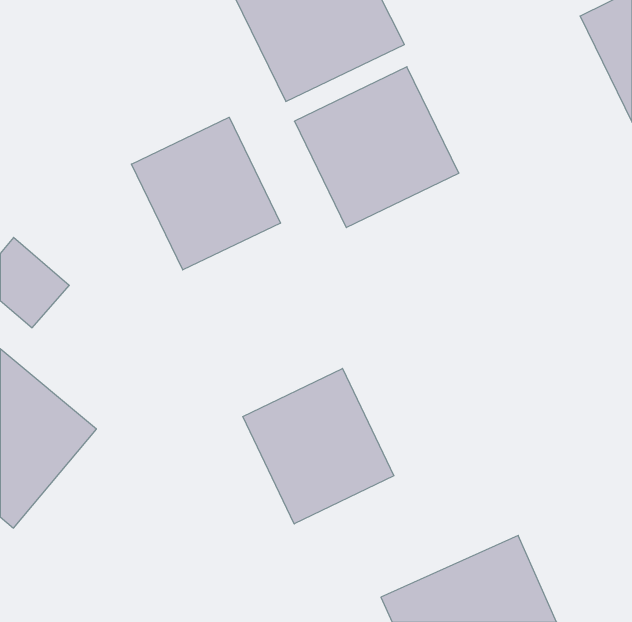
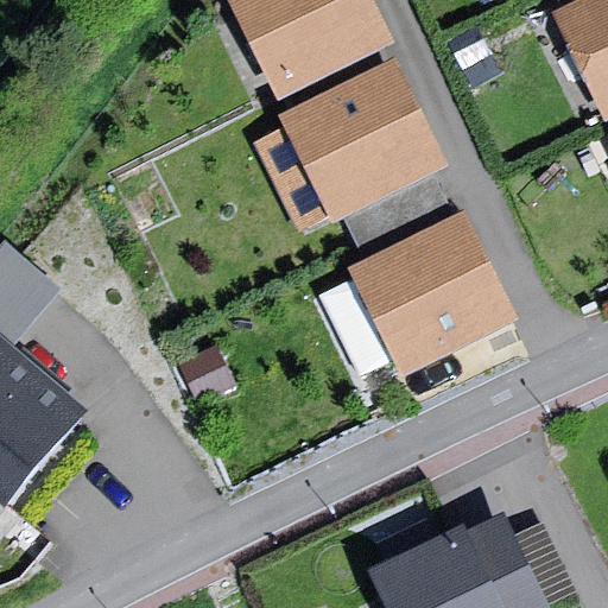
building: [131,117,280,270] -> none
building: none -> [352,218,512,374]
building: [243,368,394,524] -> none

